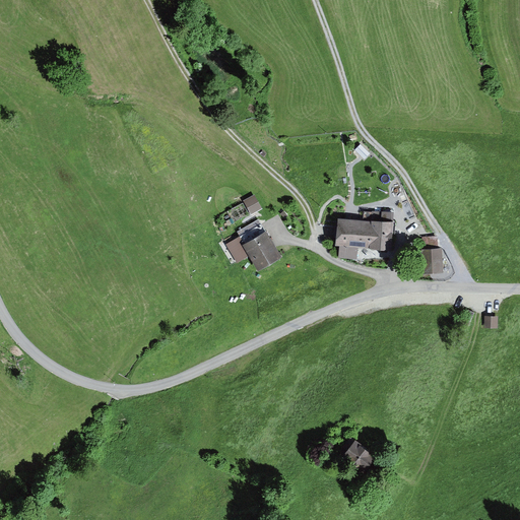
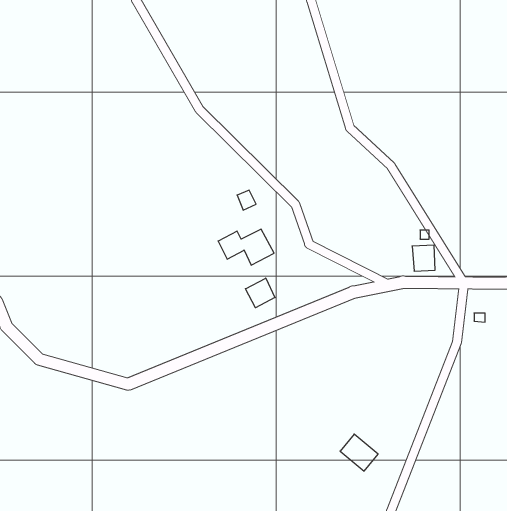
building: [336,217,394,250] -> none
building: none -> [245,278,275,308]

